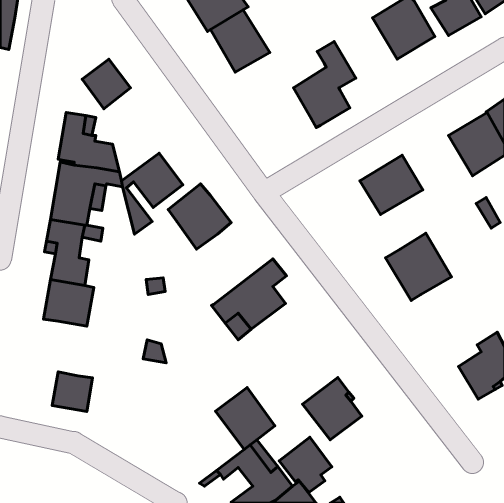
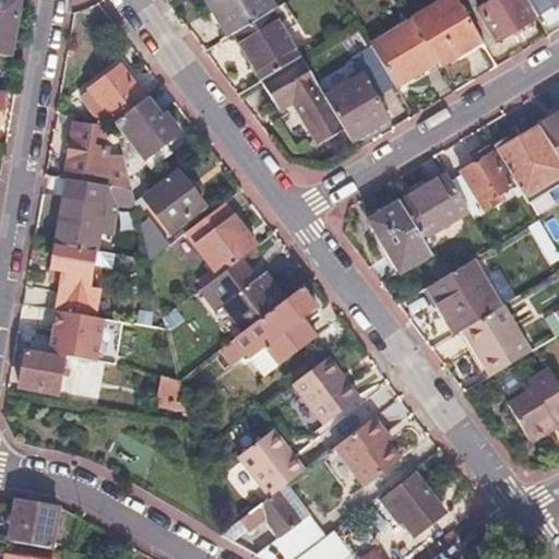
building: none -> [370,21,436,86]
building: none -> [261,56,345,145]
building: none -> [116,97,179,158]
building: none -> [460,151,515,210]
building: none -> [367,200,429,270]
building: none -> [193,259,302,336]
building: none -> [466,304,531,374]
building: none -> [294,356,359,424]
building: [52,372,93,411] -> [21,348,66,392]
building: [279,437,332,493] -> [382,474,440,535]
building: none -> [9,496,58,546]

